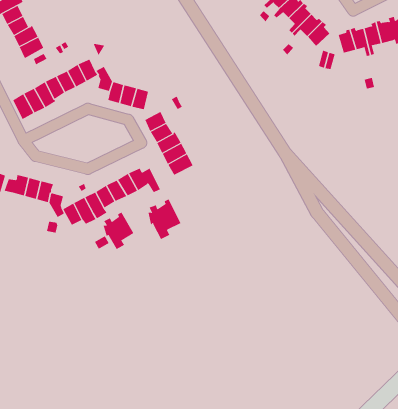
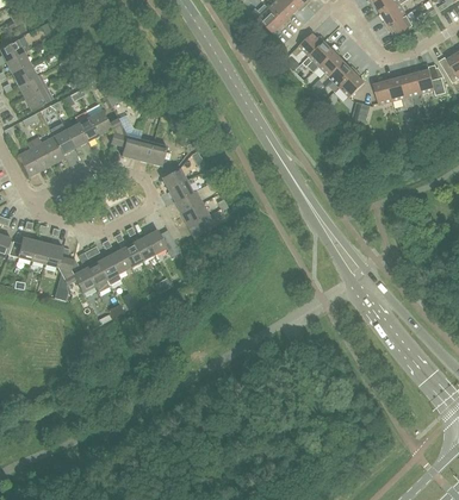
building: [148,198,181,240] -> none
building: [103,211,134,250] -> none

